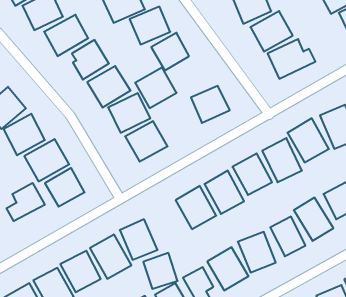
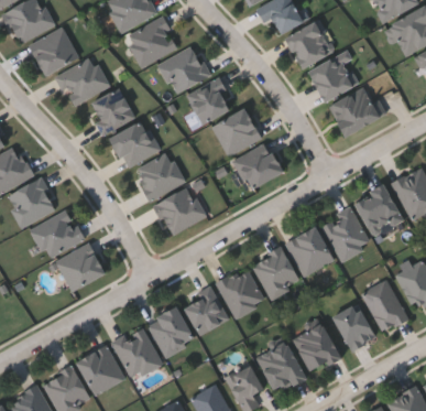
building: [135,68,177,108] -> [211,107,262,156]
building: [7,183,45,221] -> none
building: [143,253,178,289] -> [184,289,226,333]

